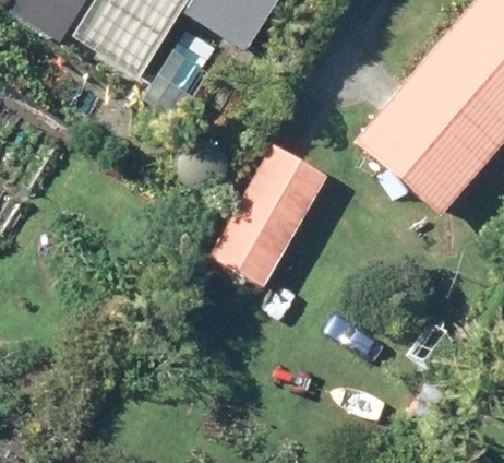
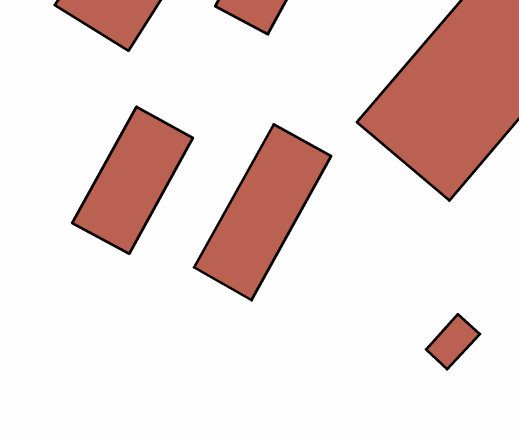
building: none -> [72,107,193,254]

